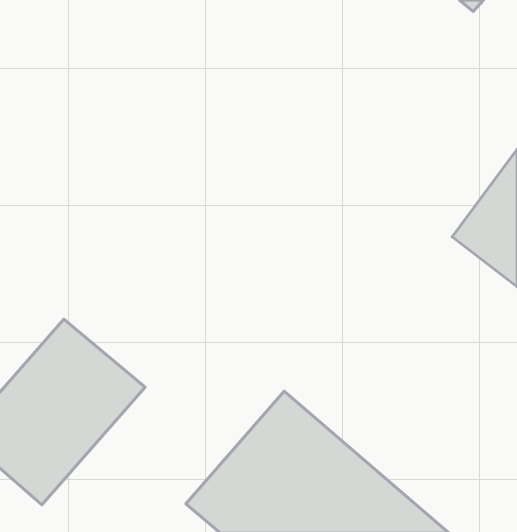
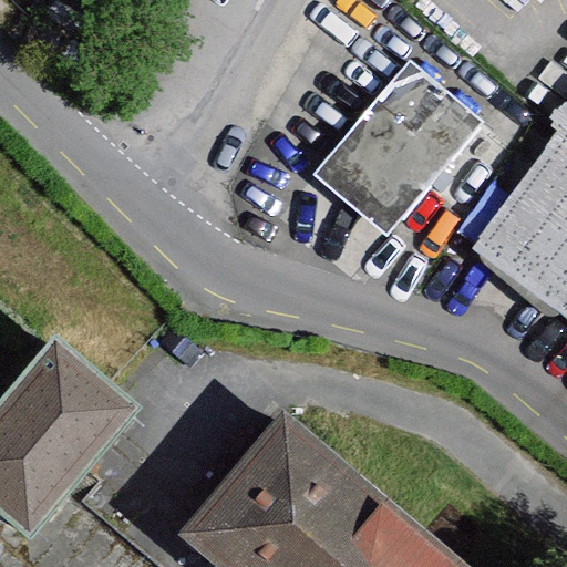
building: none -> [295,55,497,237]

